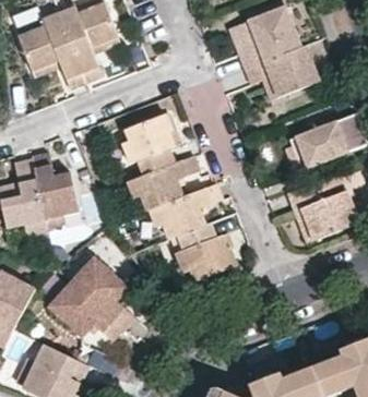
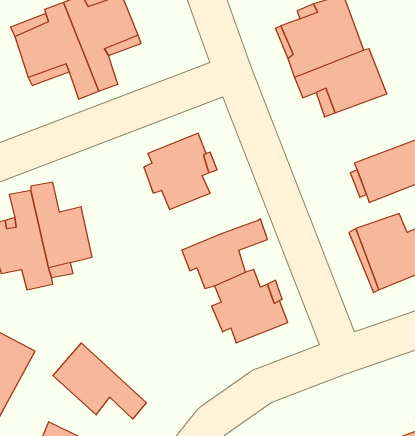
building: [130,156,198,209] -> none
building: [71,257,134,330] -> none

